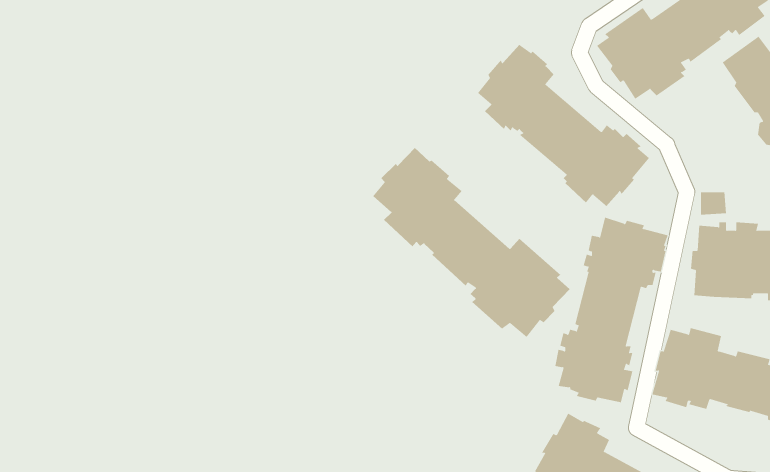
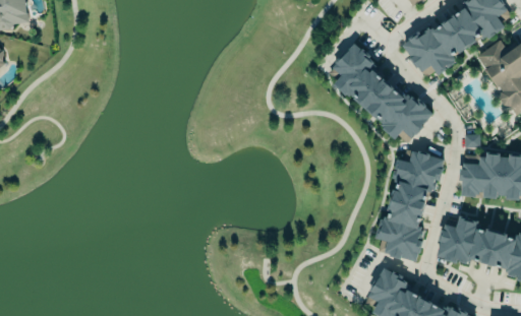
building: [373,147,571,338] -> none

